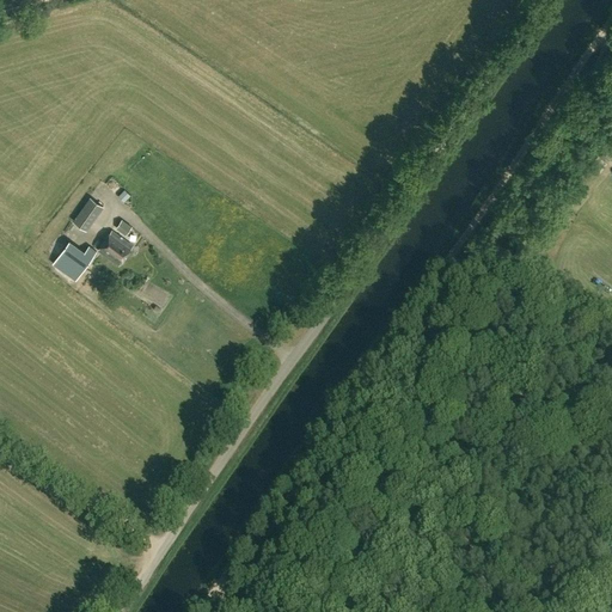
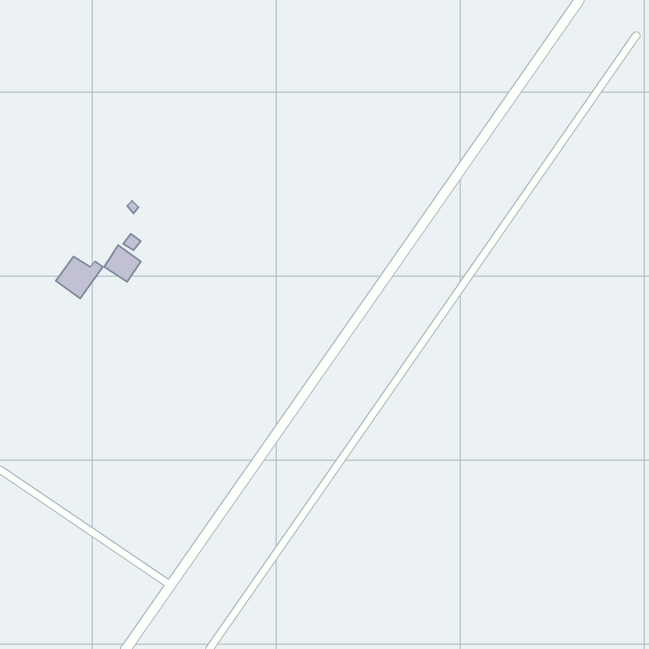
building: [73,196,104,231] -> none

